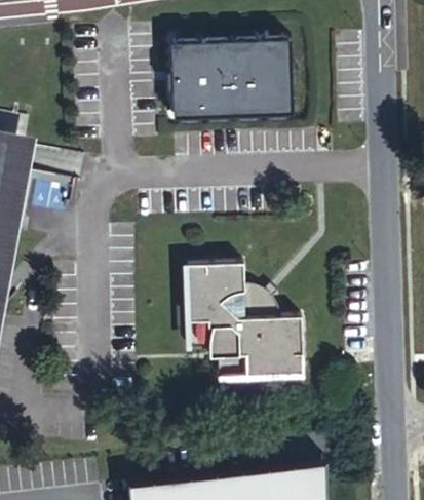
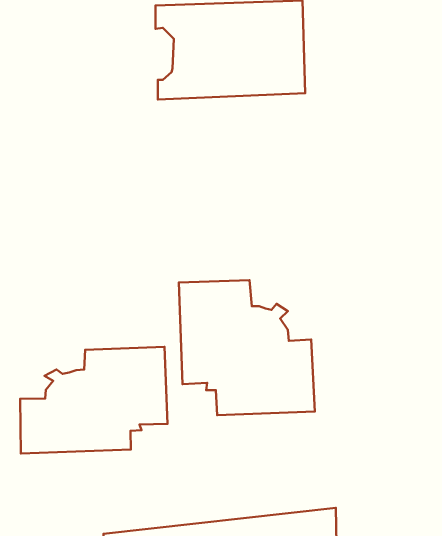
building: none -> [20,347,167,453]

